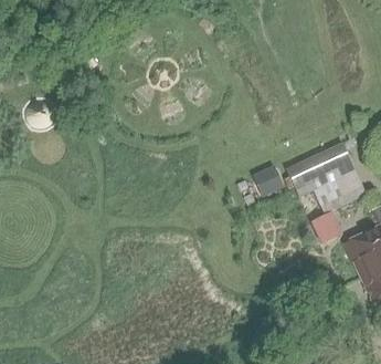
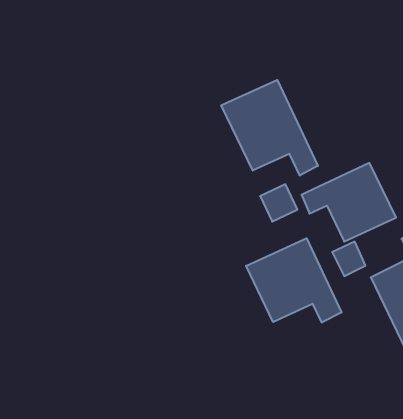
building: none -> [221,80,318,176]
building: none -> [246,238,342,323]

